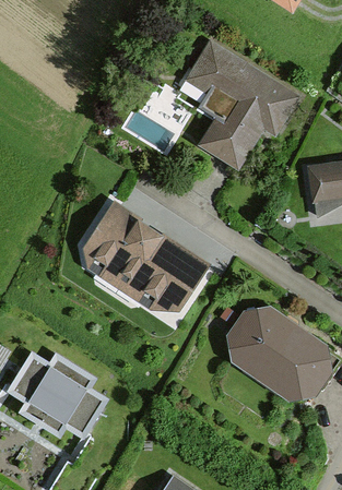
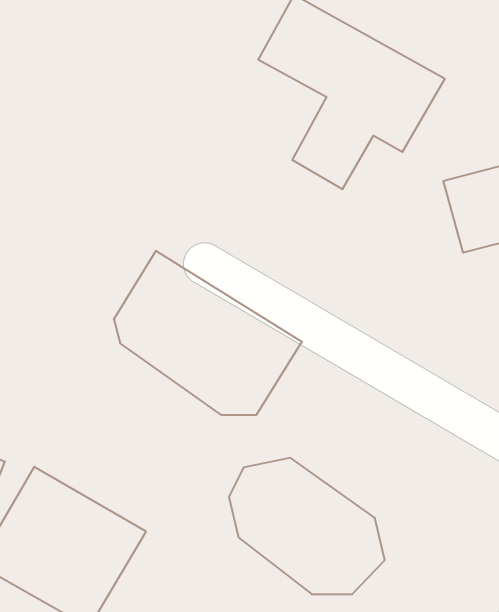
building: [229,308,334,399] -> [229,458,385,594]

